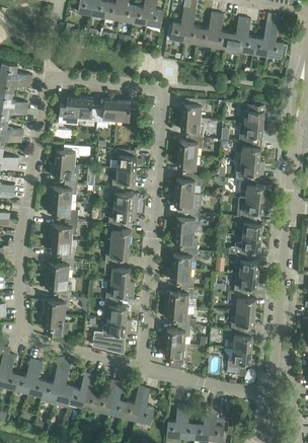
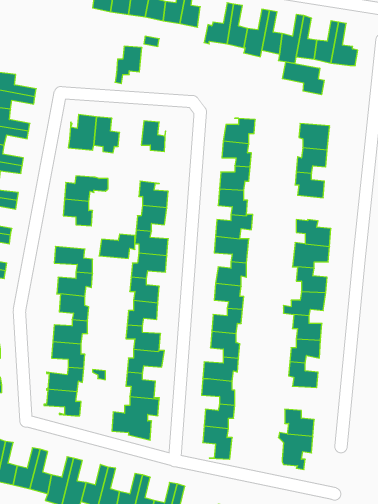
building: none -> [282,62,324,95]
building: [96,100,118,130] -> [115,46,142,84]
building: [234,160,263,180] -> none
building: [48,183,76,203] -> [99,234,135,258]
building: [229,311,254,330] -> none

